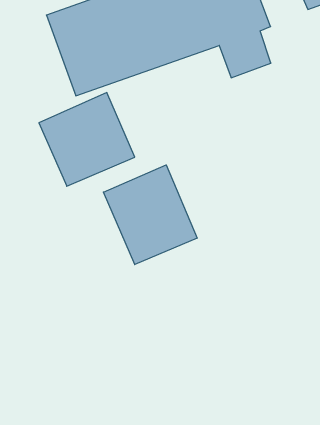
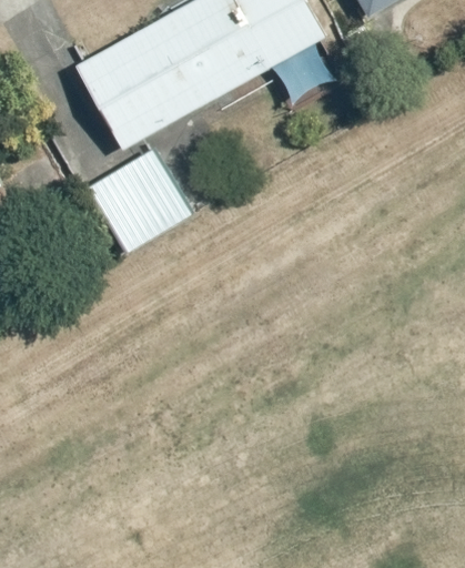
building: [103,165,197,265] -> none

